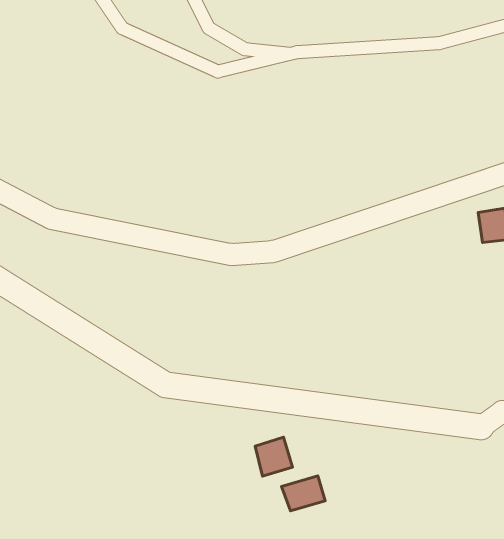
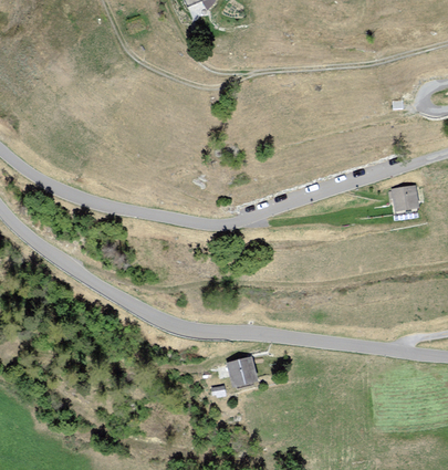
building: [282,476,325,511] -> none

